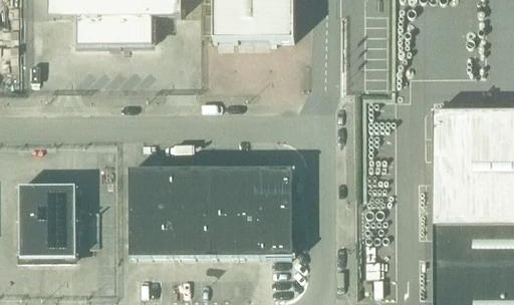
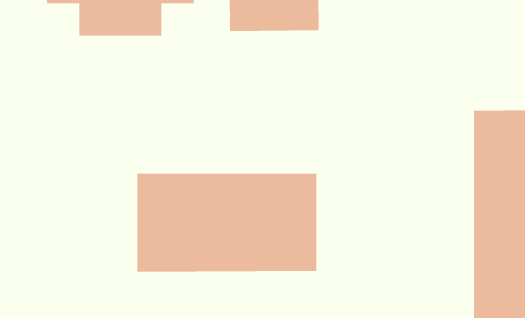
building: [20,183,76,255] -> none

